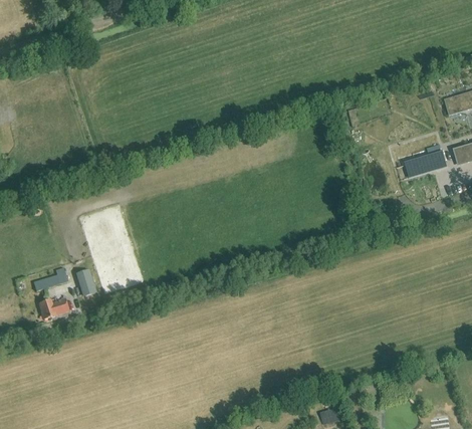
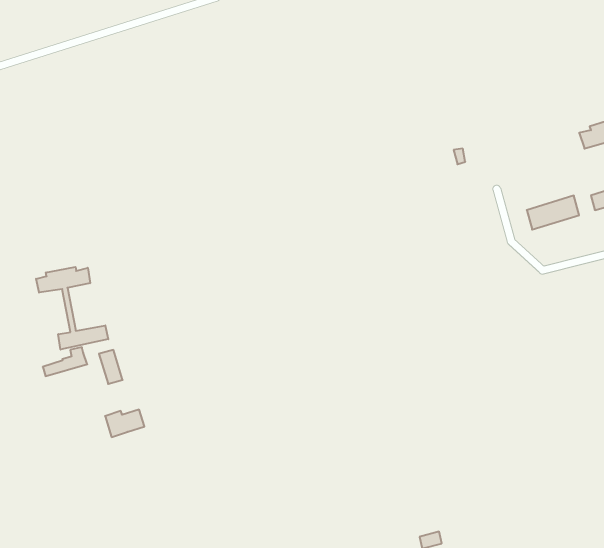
building: none -> [36,267,108,350]
building: [38,297,68,318] -> [105,410,144,437]

